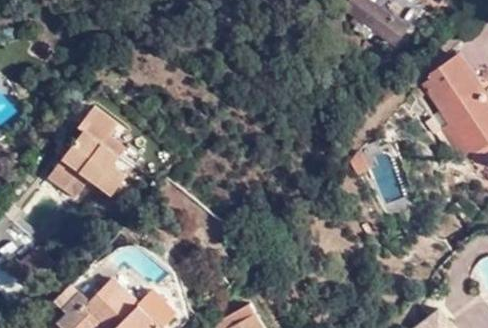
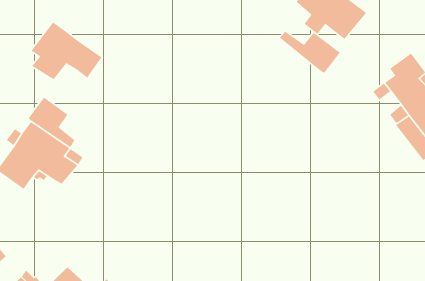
building: none -> [31,22,103,80]
building: none -> [279,31,341,74]

